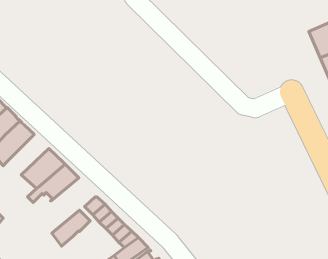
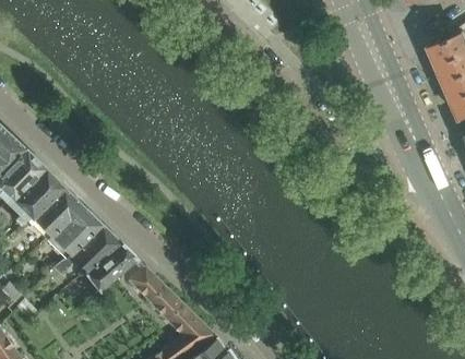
building: none -> [25,186,81,239]
building: [52,210,90,246] -> [84,243,135,291]

